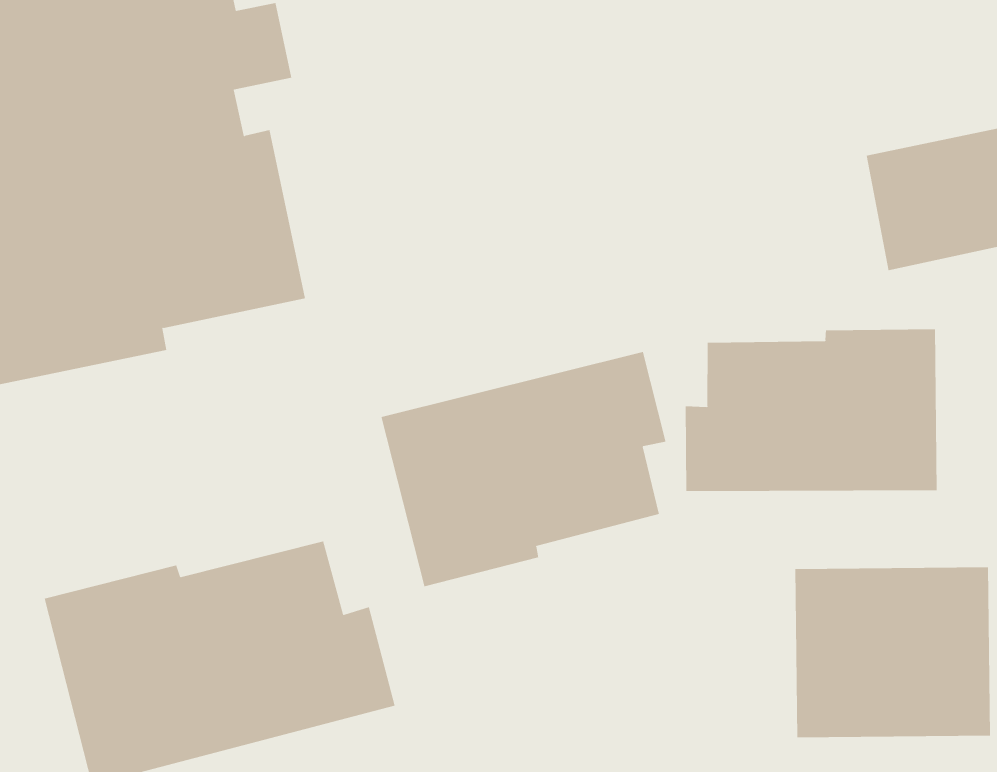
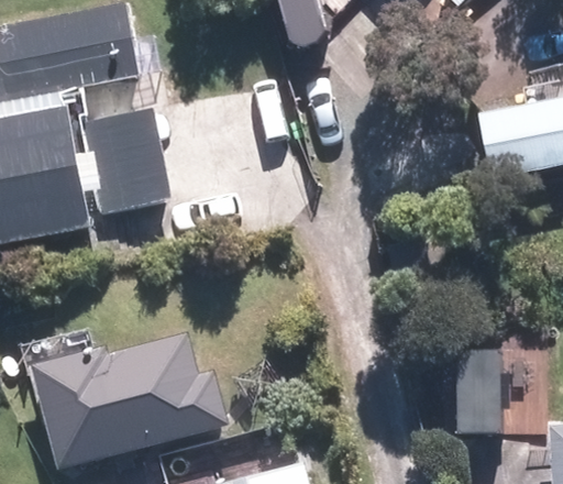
building: [685,329,937,492] -> none
building: [381,351,666,587] -> none

